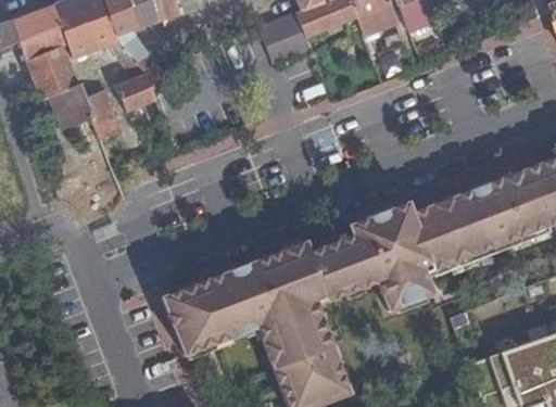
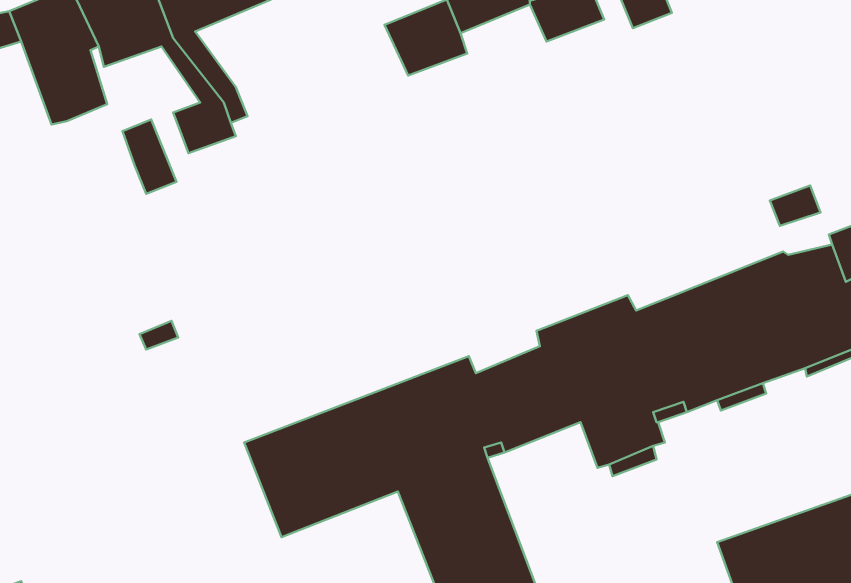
building: [48,81,91,127] -> none

